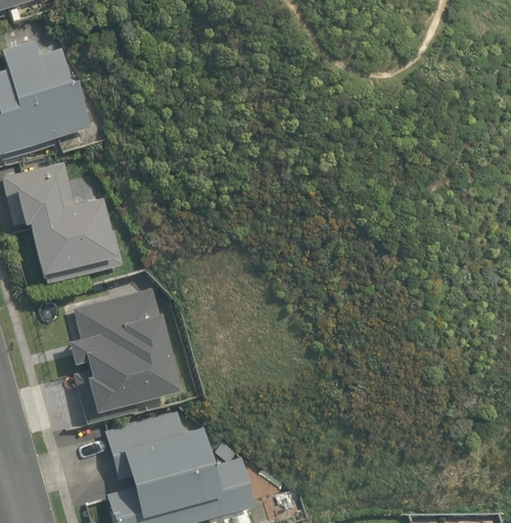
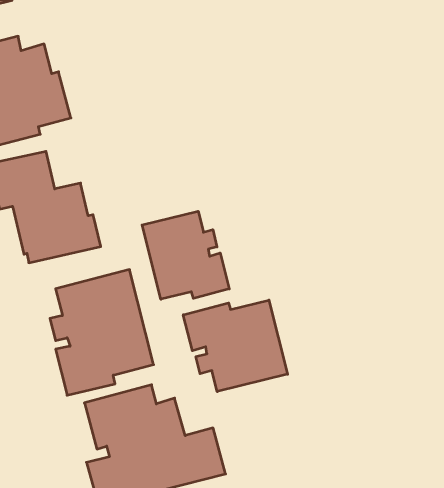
building: none -> [142,211,229,299]
building: none -> [183,300,288,392]

